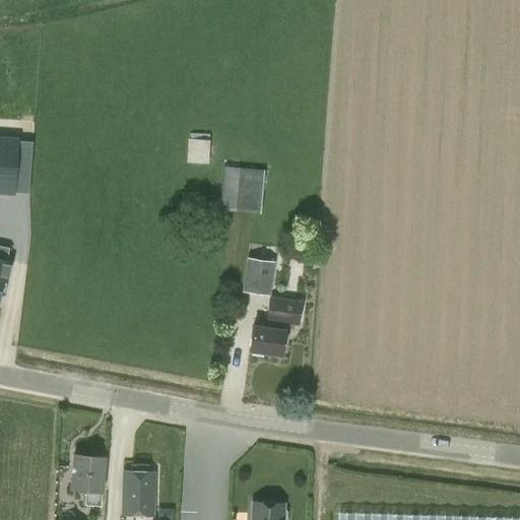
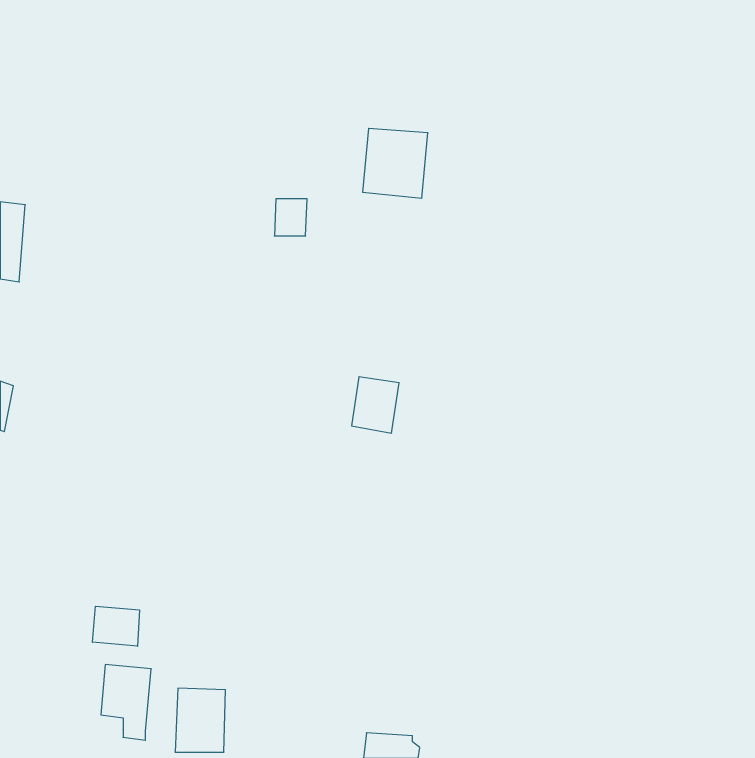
building: [220,167,265,214] -> [363,128,428,198]
building: [250,298,303,356] -> none
building: none -> [92,606,139,646]

